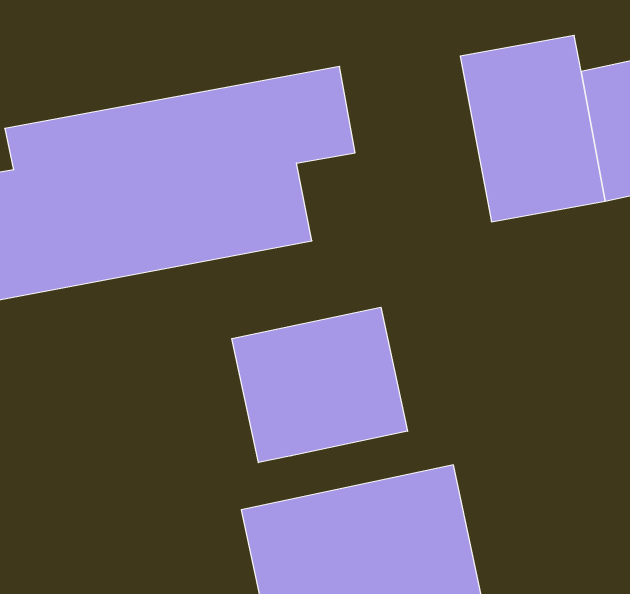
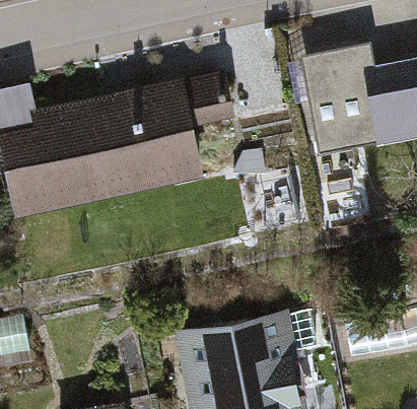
building: [232,307,408,463] -> none

